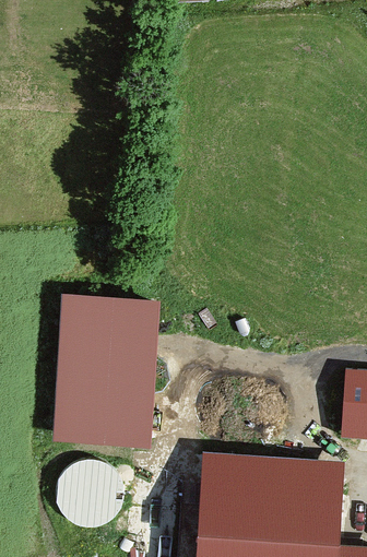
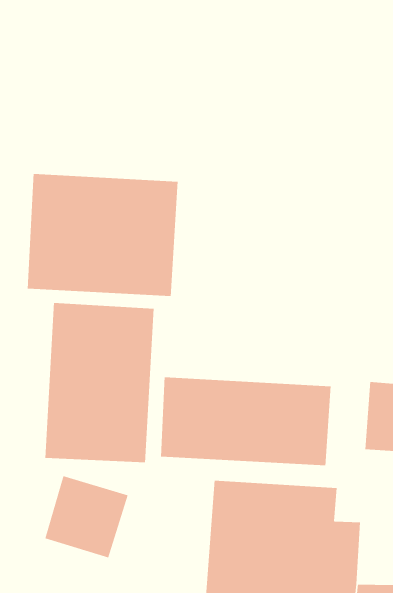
building: none -> [27,173,178,297]
building: none -> [160,376,331,466]

